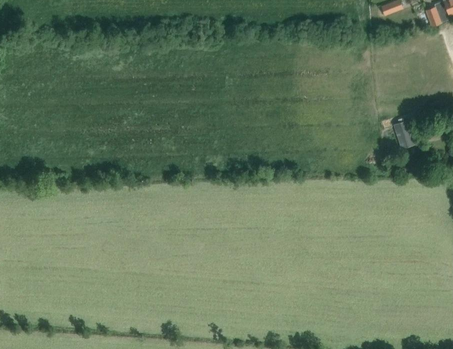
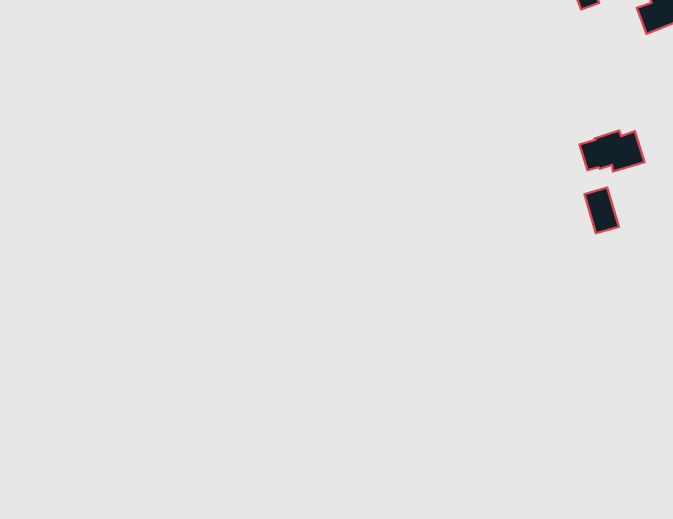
building: none -> [580,130,645,171]

